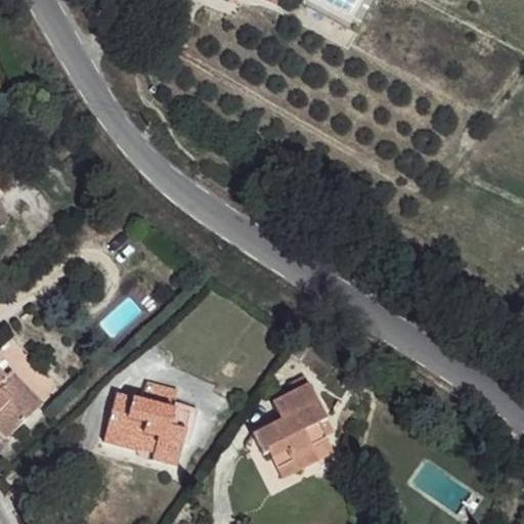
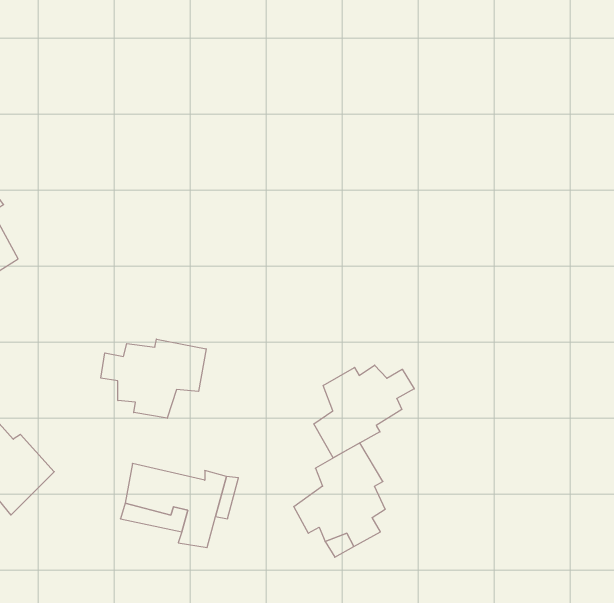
building: none -> [101,339,206,418]
building: none -> [314,365,414,458]

